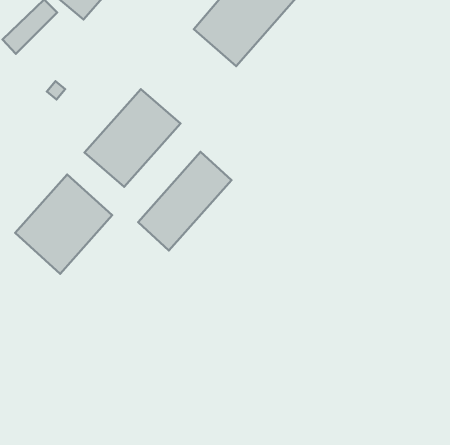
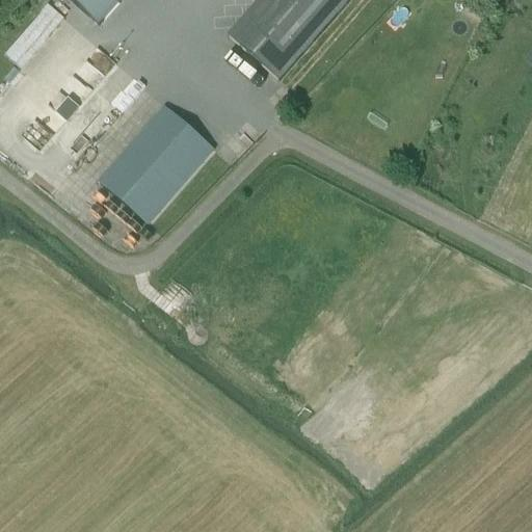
building: [138,152,231,251] -> none
building: [15,174,112,274] -> none

